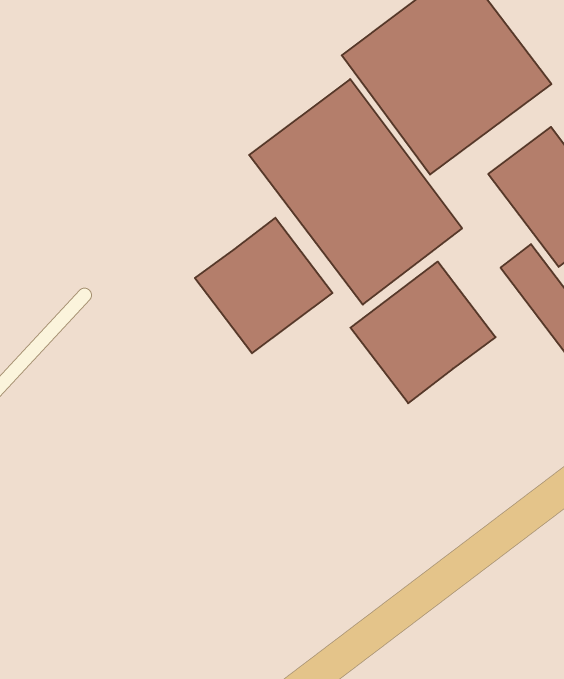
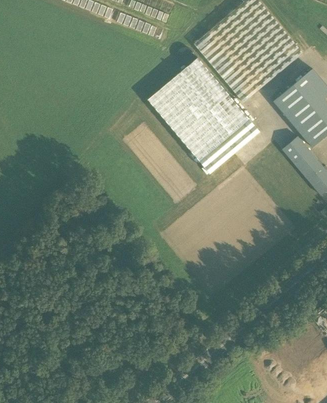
building: [195,218,332,353] -> none
building: [350,262,496,403] -> none

